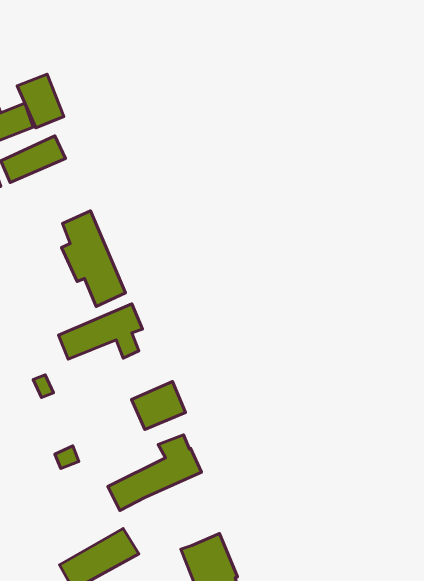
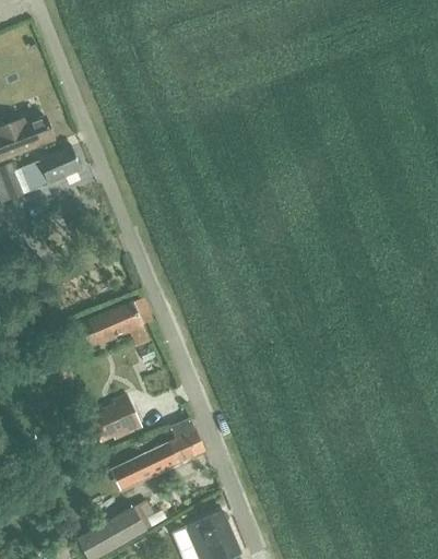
building: [17,74,64,128] -> none
building: [61,211,126,306] -> none
building: [132,381,186,429] -> [88,394,138,438]

